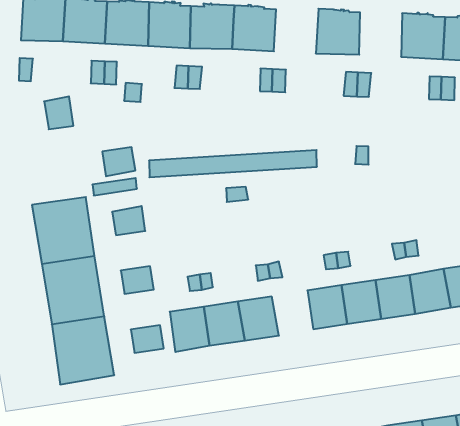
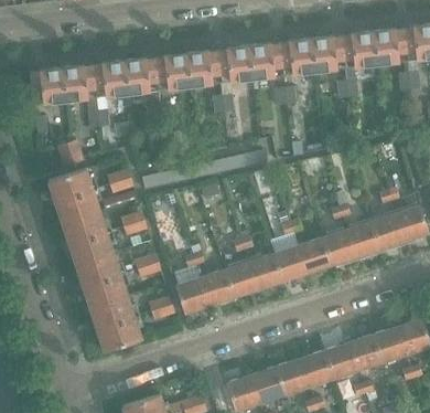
building: none -> [217,45,251,82]
building: none -> [279,39,314,74]
building: none -> [49,168,100,223]
building: none -> [248,253,282,289]

